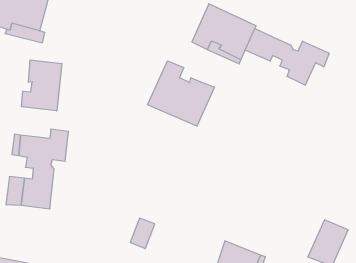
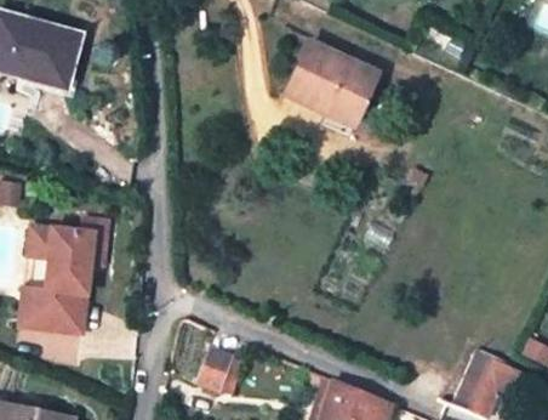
building: [245,29,329,85] -> none
building: [22,60,62,111] -> none
building: [147,61,214,126] -> none

